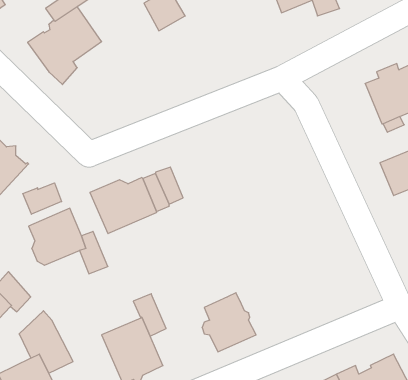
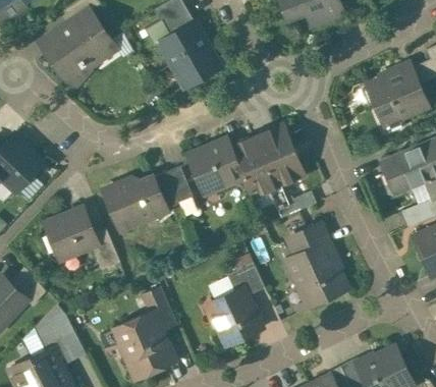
building: none -> [158,20,219,86]
building: none -> [228,121,308,212]
building: none -> [184,143,238,194]
building: [23,183,62,214] -> none
building: none -> [285,223,346,312]
building: none -> [226,262,264,295]

